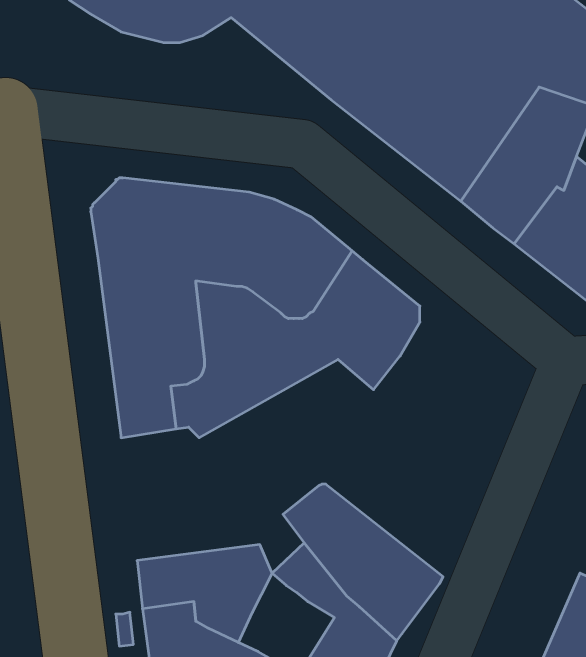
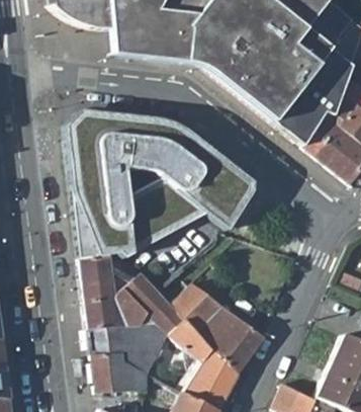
building: none -> [113,19,199,66]
building: none -> [80,252,192,335]

